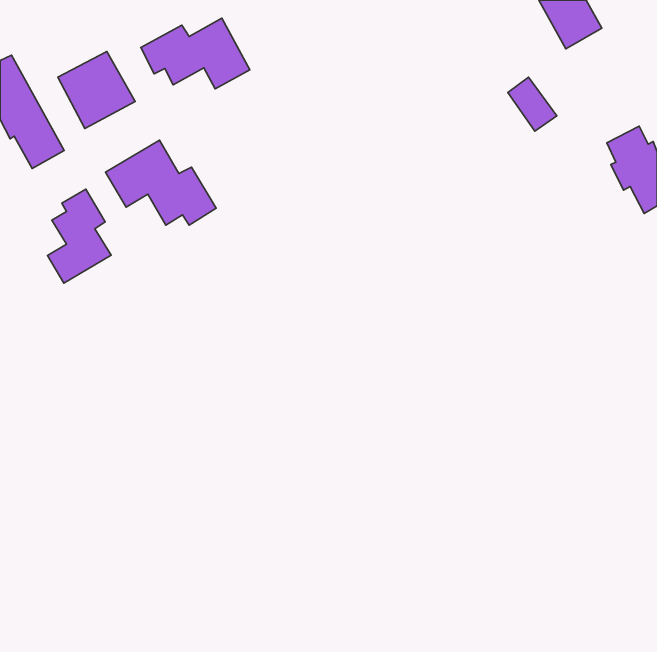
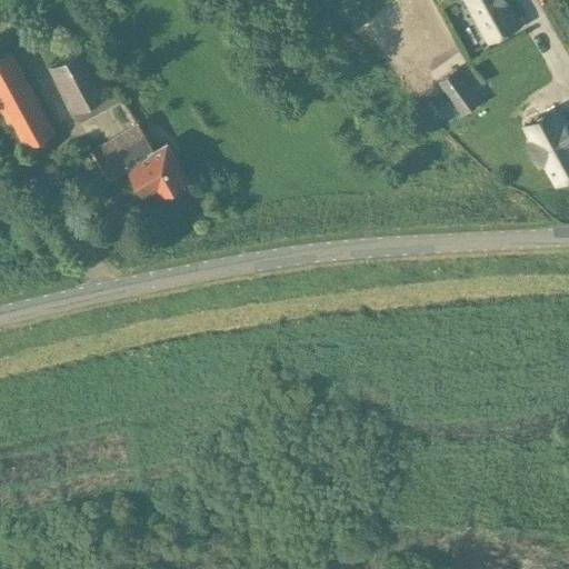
building: [141,18,250,89] -> none
building: [48,189,111,283] -> none

